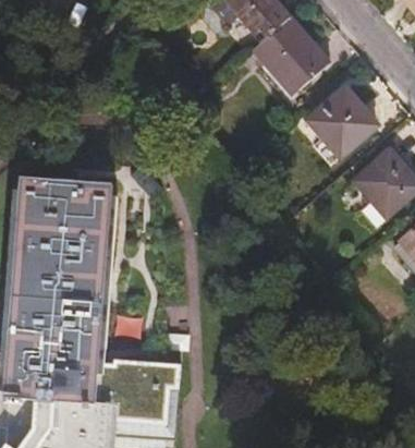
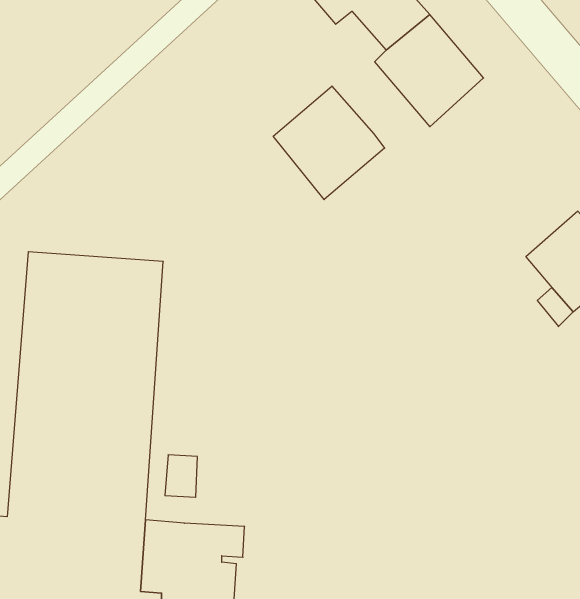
building: none -> [273,86,385,200]
building: [310,88,379,156] -> none

